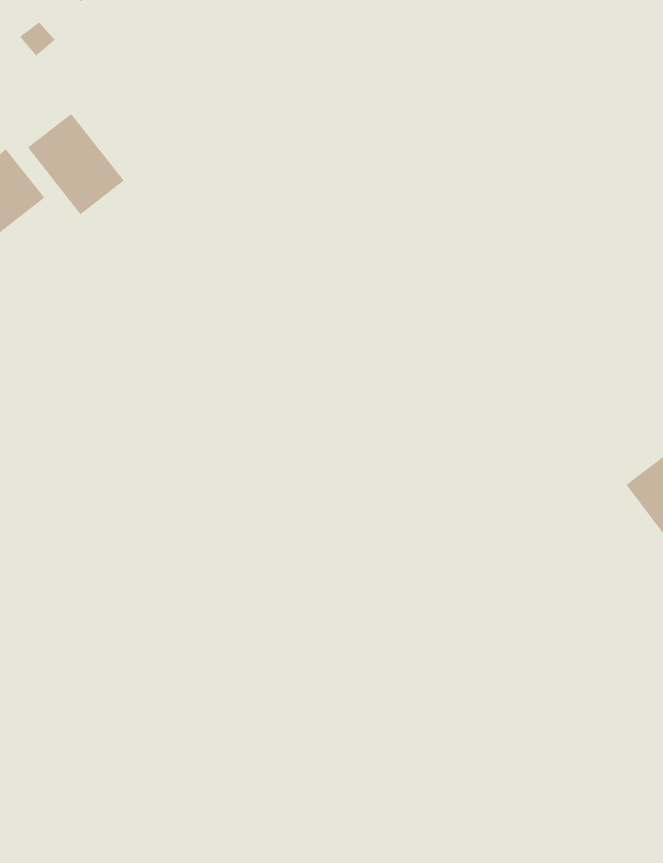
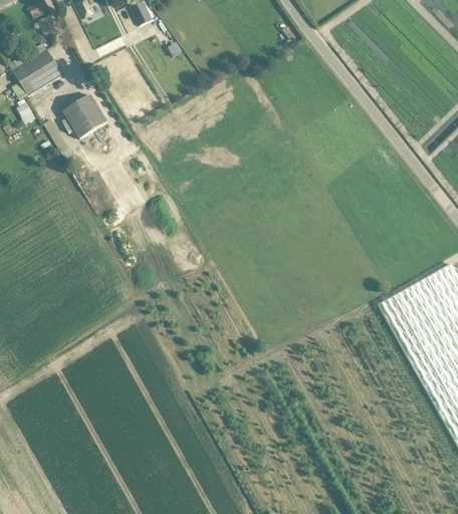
building: [27,113,124,215] -> none

